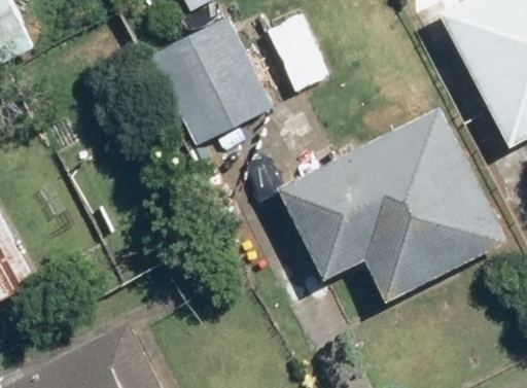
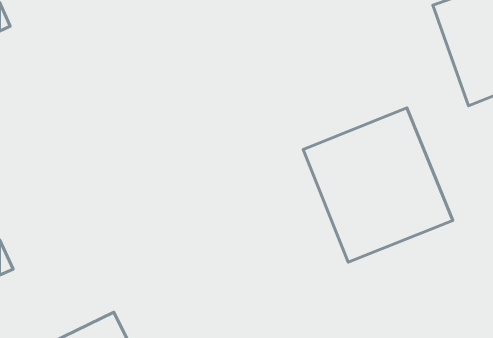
building: [161,32,269,142] -> none

